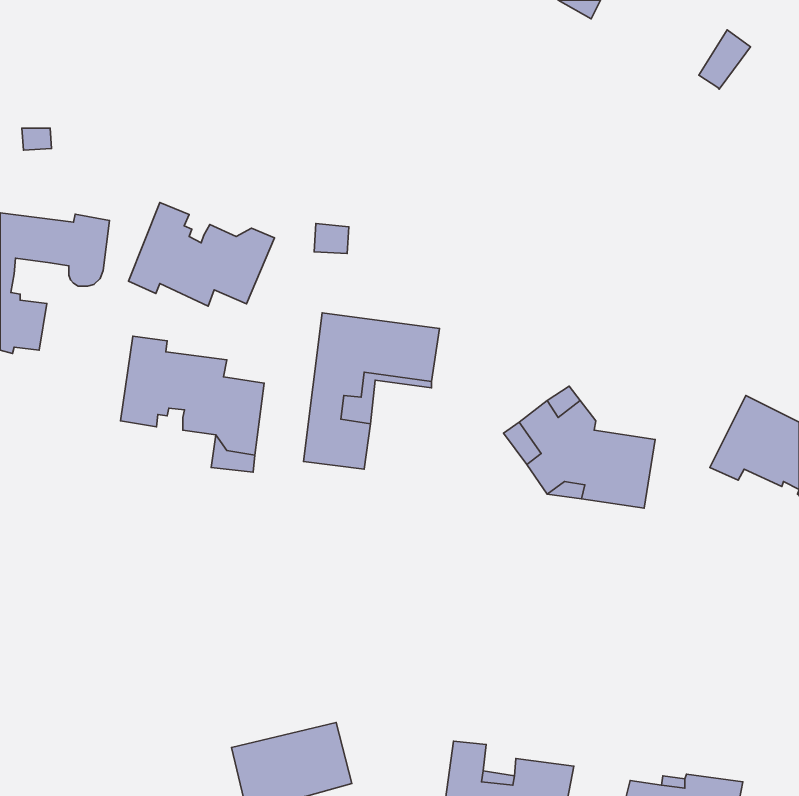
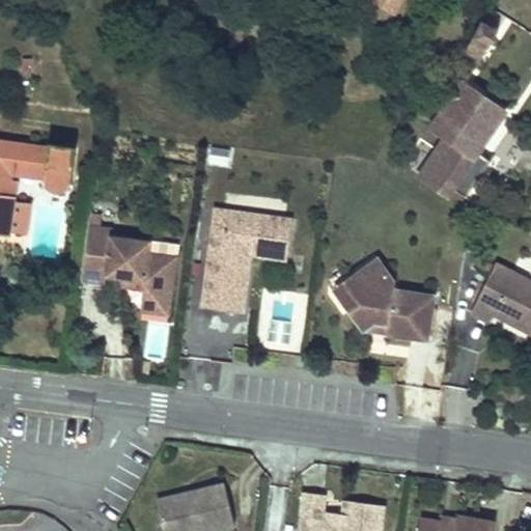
building: none -> [418,83,504,198]
building: [128,203,274,306] -> none

